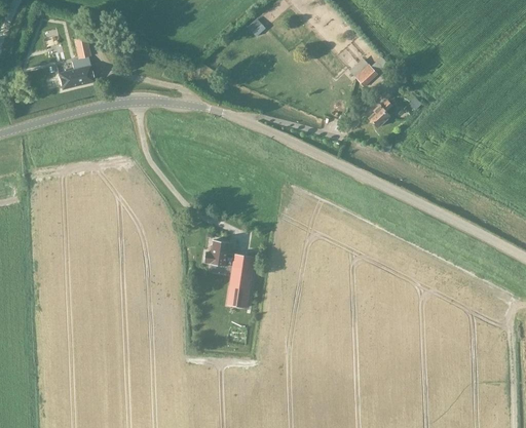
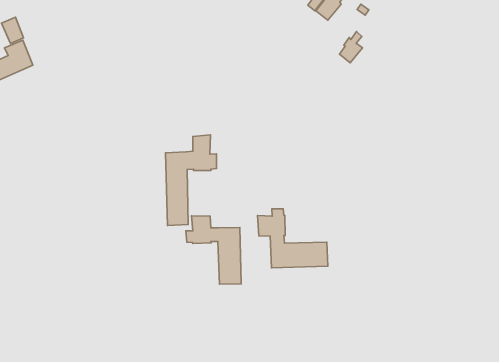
building: none -> [165,135,217,226]
building: none -> [257,209,328,268]

